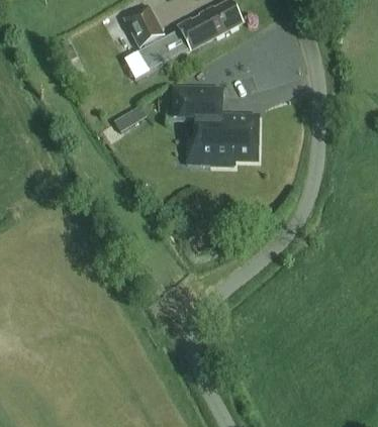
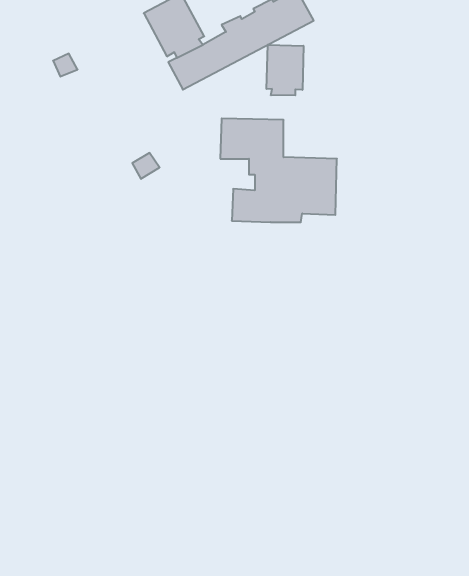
building: none -> [267,45,303,95]

